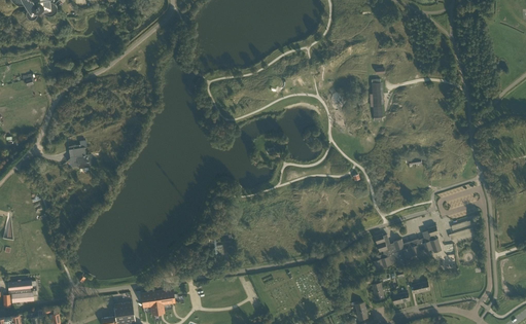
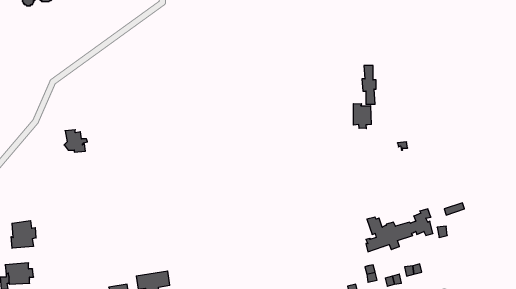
building: none -> [353,104,371,129]
building: none -> [11,221,36,248]

